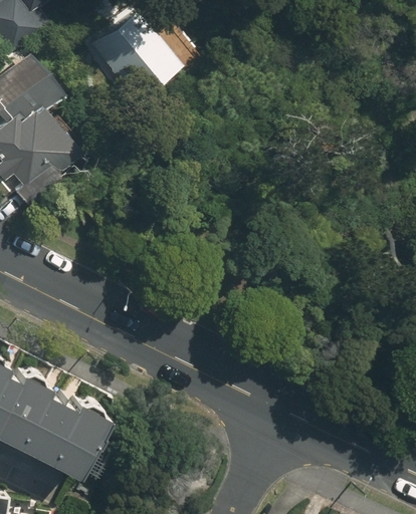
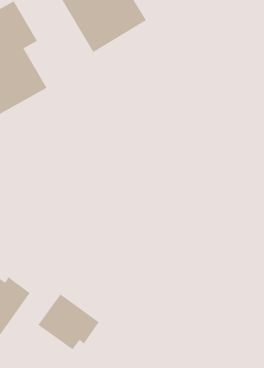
building: none -> [38,293,100,350]

